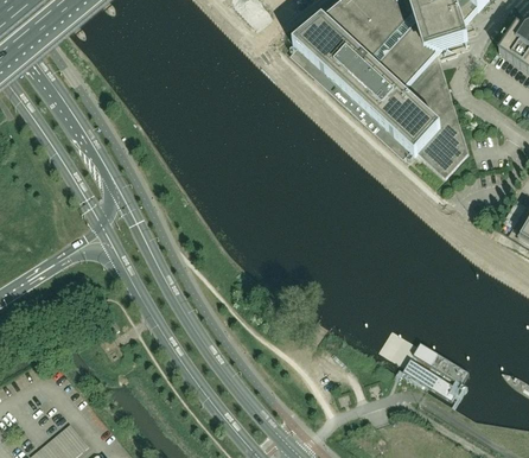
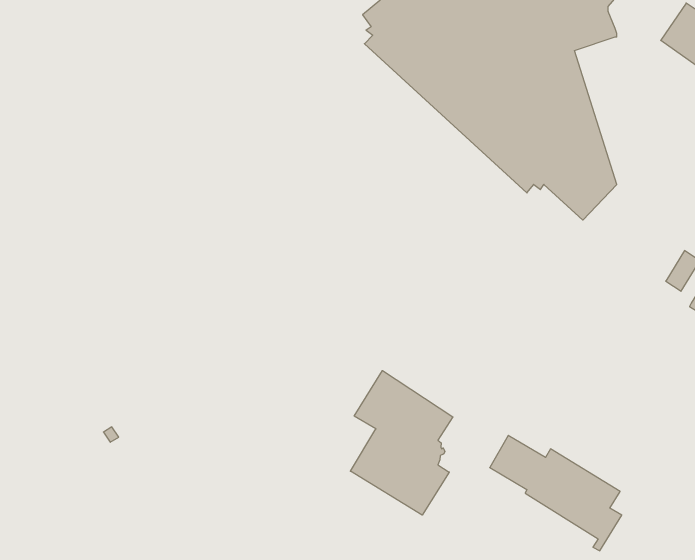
building: none -> [350,371,453,515]

